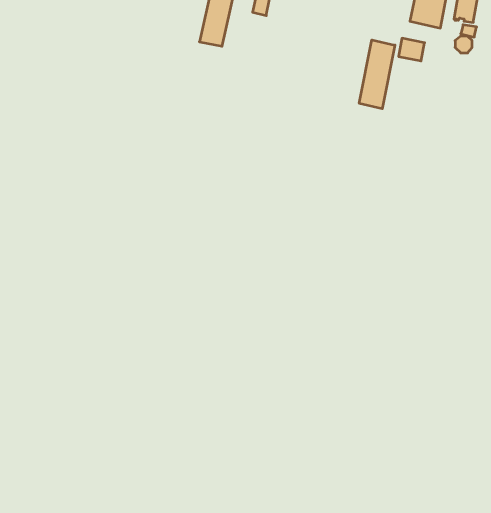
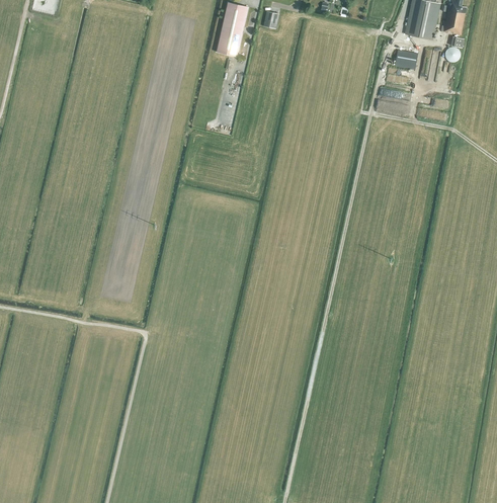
building: [359,40,395,109] -> none

